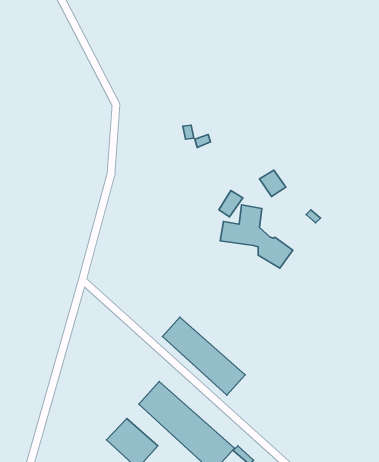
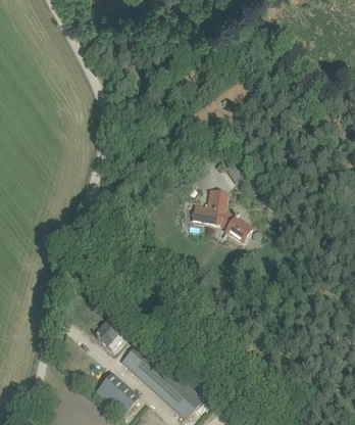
building: [162,317,245,395] -> none
building: none -> [96,318,123,345]

